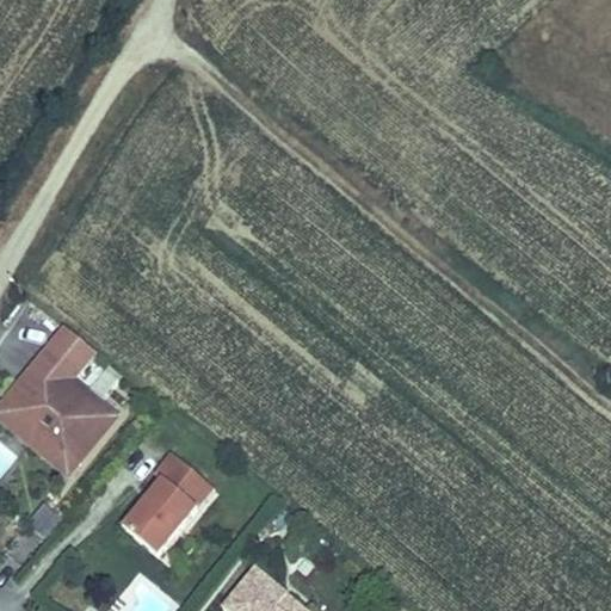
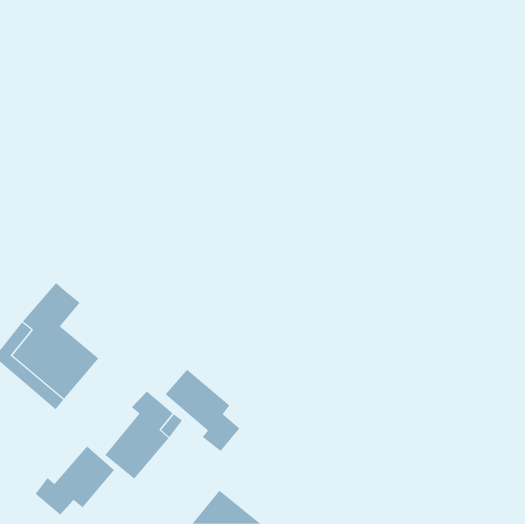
building: none -> [165,369,240,452]
building: none -> [35,446,115,516]

